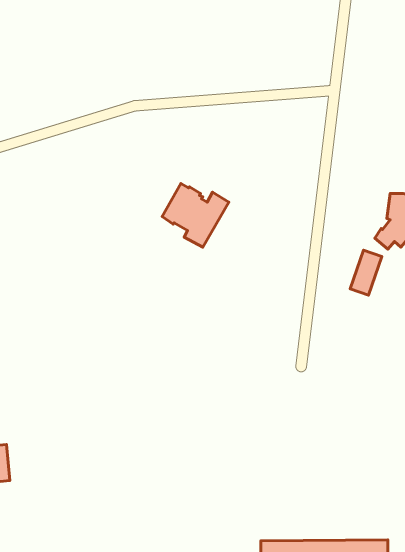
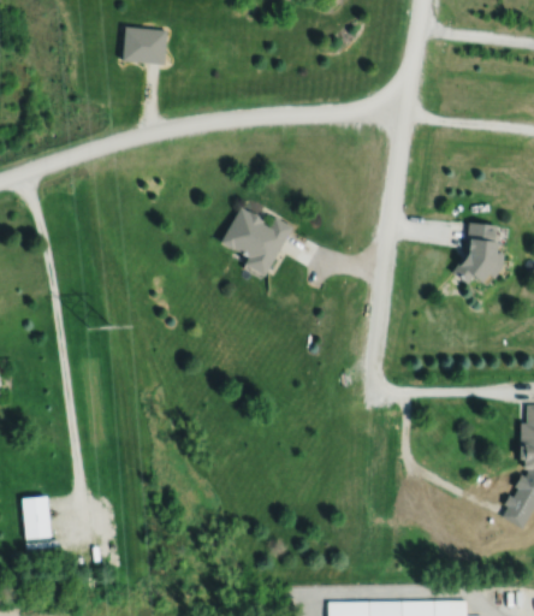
building: none -> [120,28,166,66]
building: [350,250,382,295] -> none

